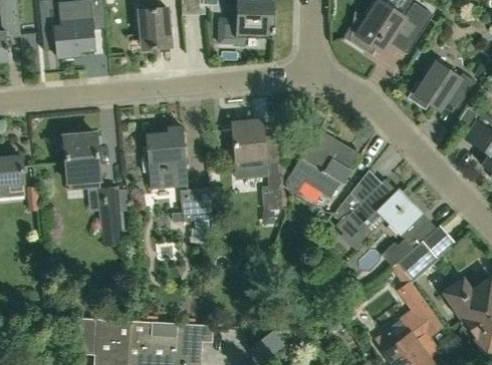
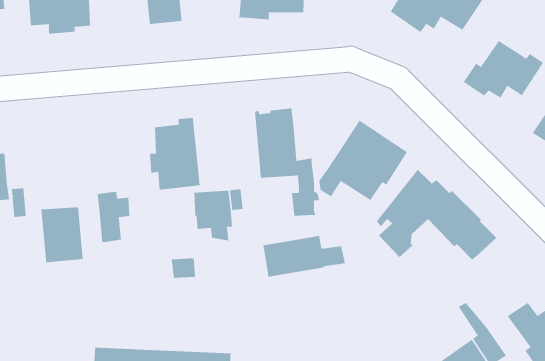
building: [63,134,99,181] -> [41,207,84,263]
building: none -> [263,235,346,277]
building: [397,241,437,279] -> none

